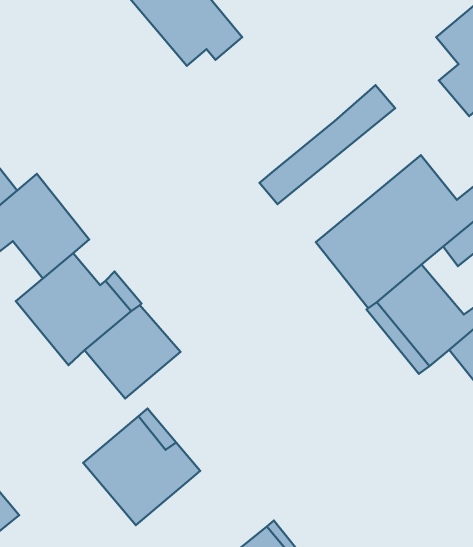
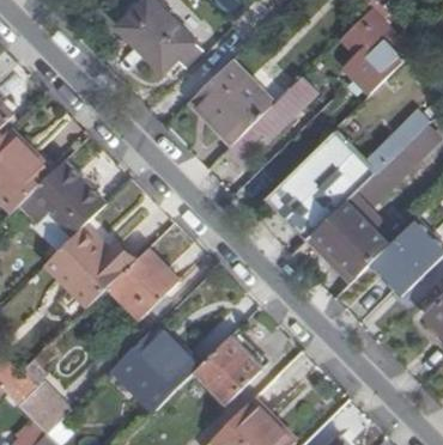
building: none -> [192,62,274,146]
building: none -> [193,336,263,406]

